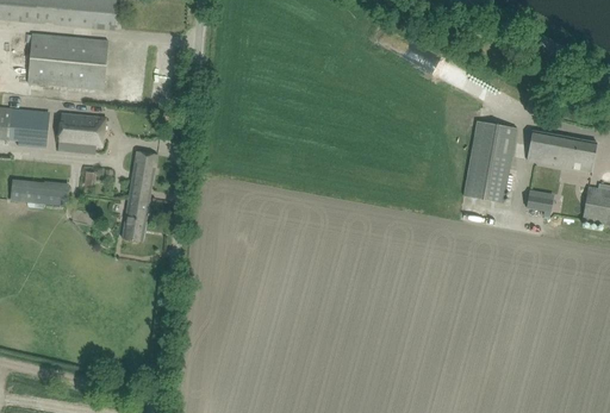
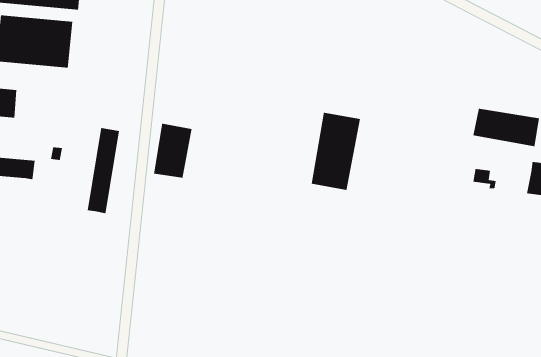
building: [57,113,105,154] -> none
building: [463,120,516,202] -> [311,112,361,191]
building: none -> [154,123,192,178]

